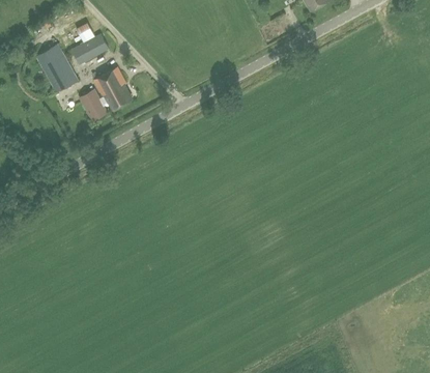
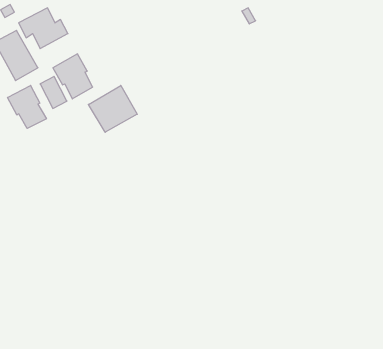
building: none -> [88,85,137,132]
building: none -> [8,85,46,128]

